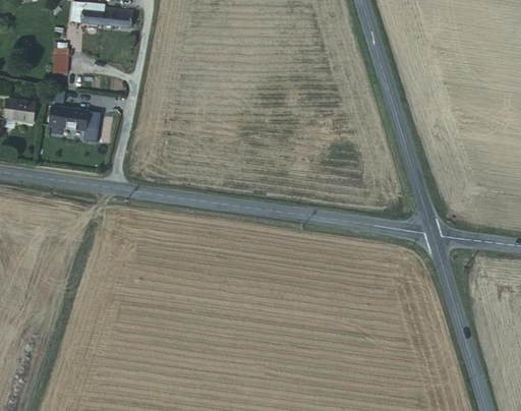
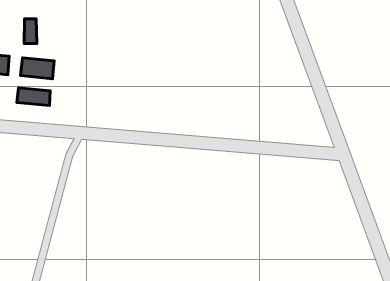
building: none -> [17,88,50,106]

